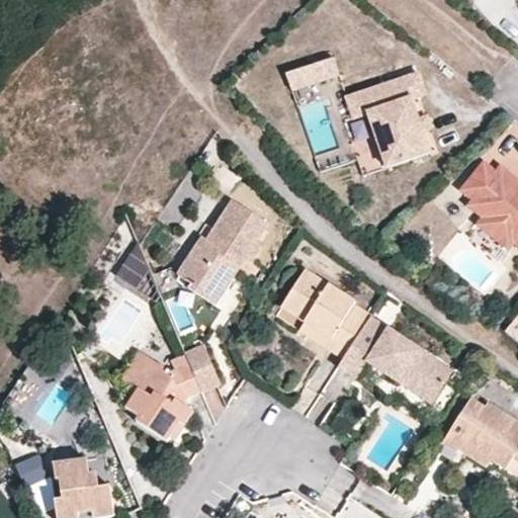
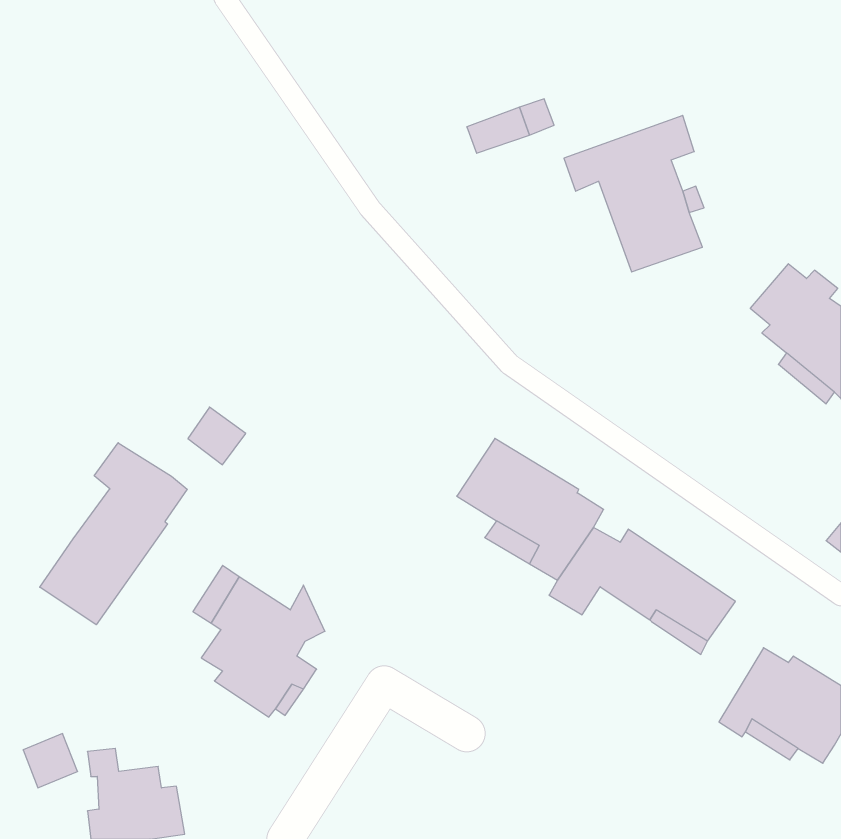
building: [177,199,265,303] -> none
building: none -> [40,443,187,625]
building: [183,343,219,387] -> none

